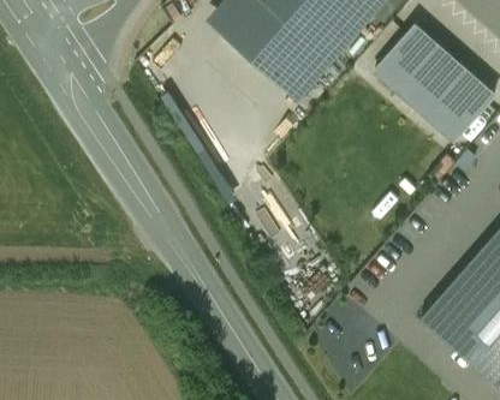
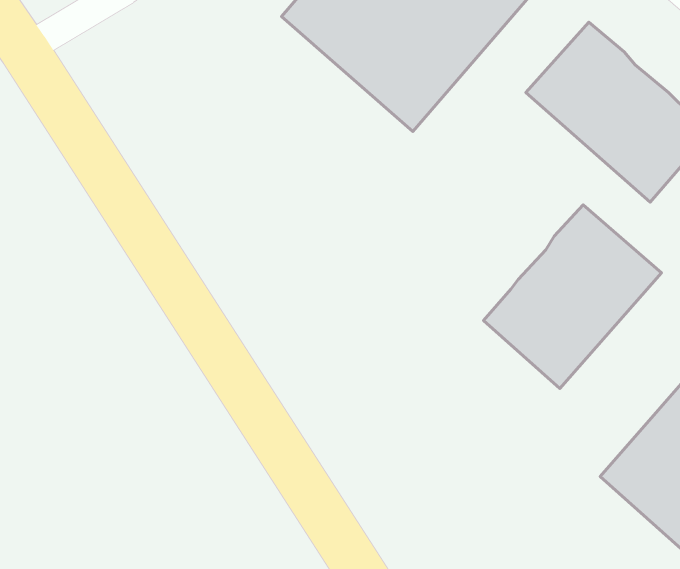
building: none -> [483,205,662,389]

